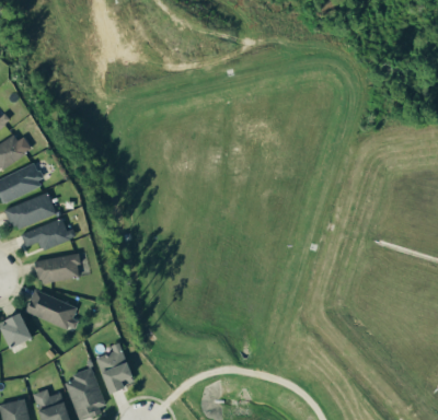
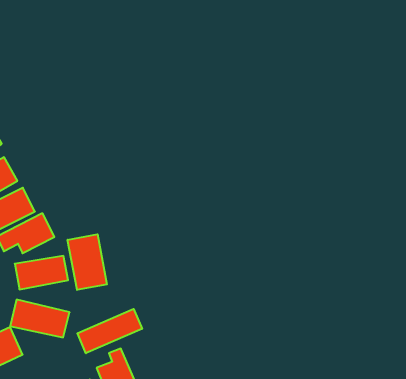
building: none -> [68,234,107,290]
building: none -> [77,309,142,353]

